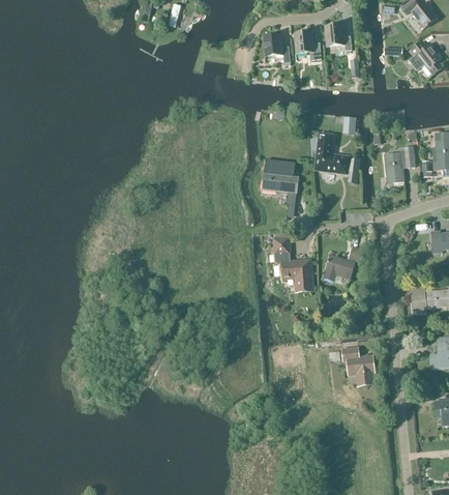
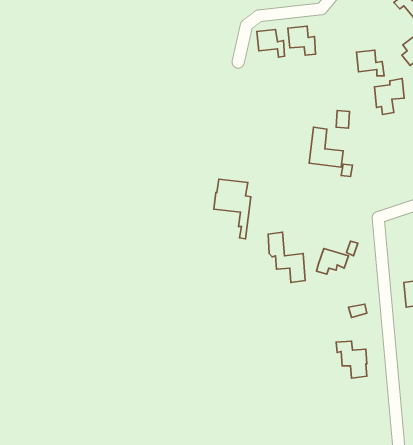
building: [325,24,353,50] -> [356,50,384,76]
building: [385,146,415,182] -> [374,79,404,115]
building: [262,158,299,219] -> [214,179,251,239]

